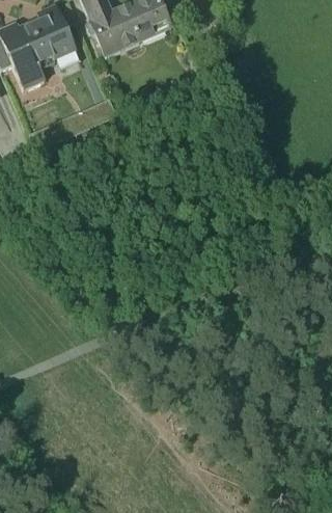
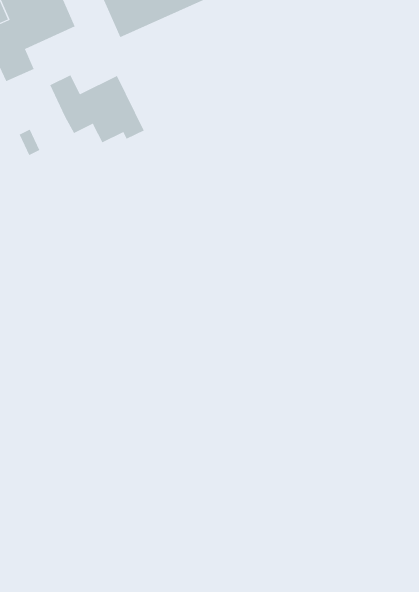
building: none -> [50,75,145,143]

